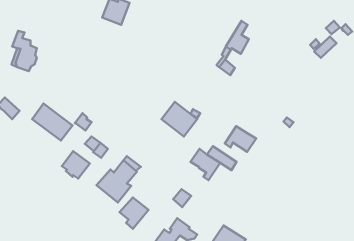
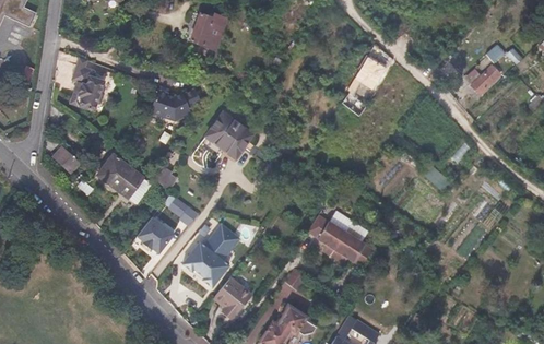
building: none -> [150,87,201,120]
building: [162,102,197,137] -> [205,111,252,157]
building: [225,126,256,152] -> [331,232,372,265]

